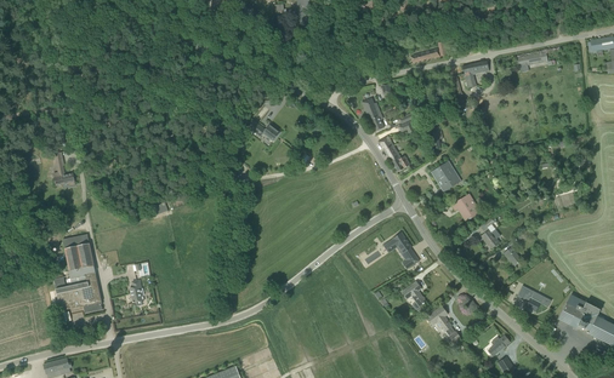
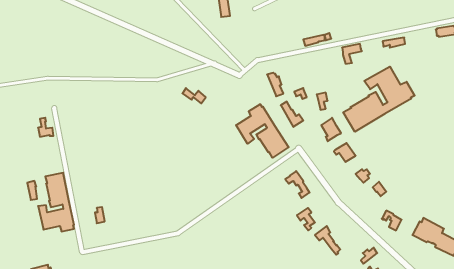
building: none -> [343,67,415,132]
building: none -> [236,104,289,158]

